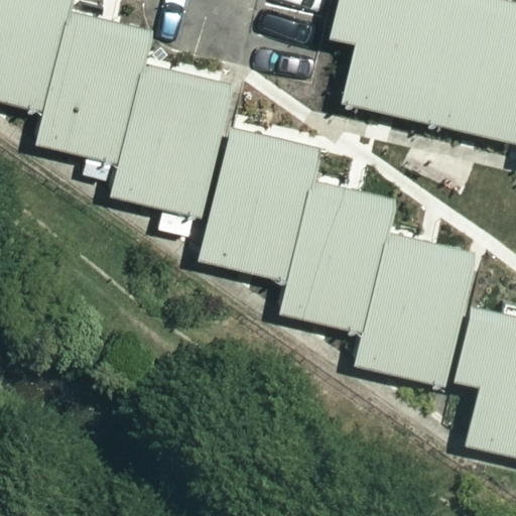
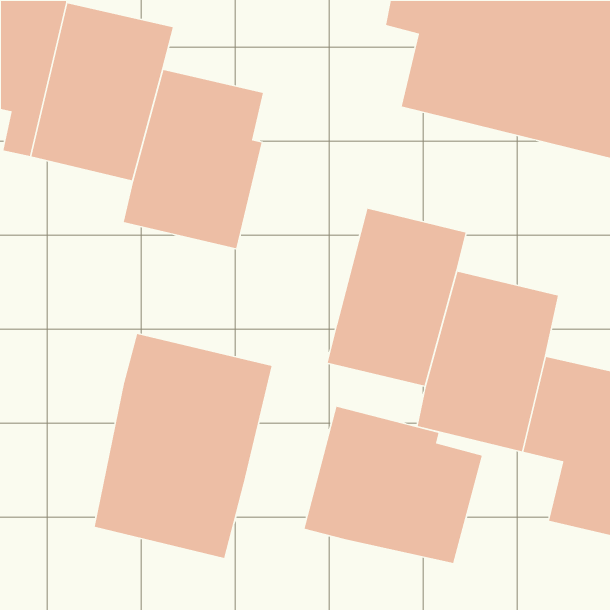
building: [197,127,316,278] -> none
building: none -> [94,333,272,559]
building: none -> [303,406,483,564]

